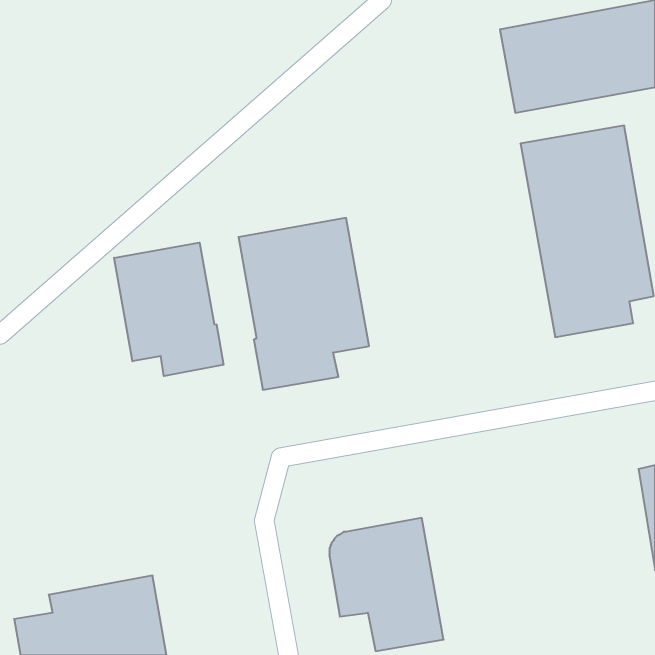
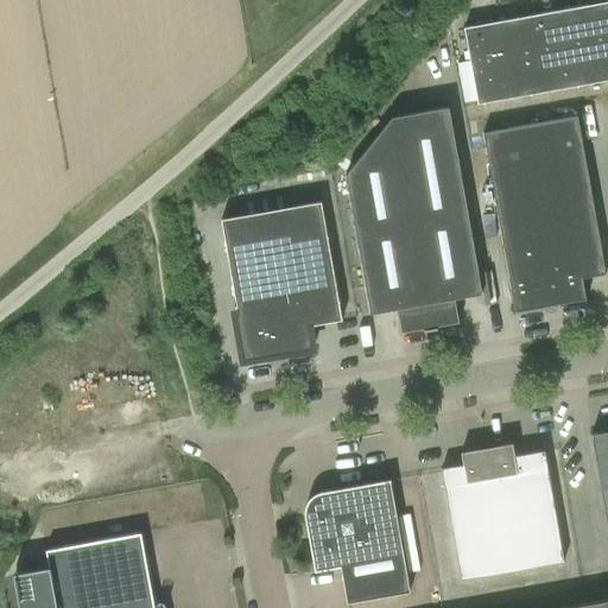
building: none -> [344,107,482,334]
building: [114,243,224,376] -> none
building: none -> [442,444,564,581]

